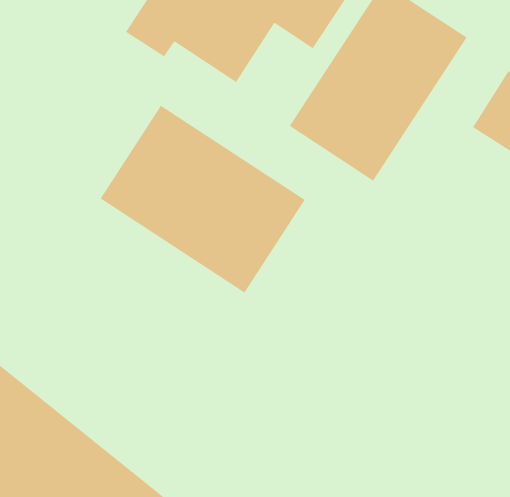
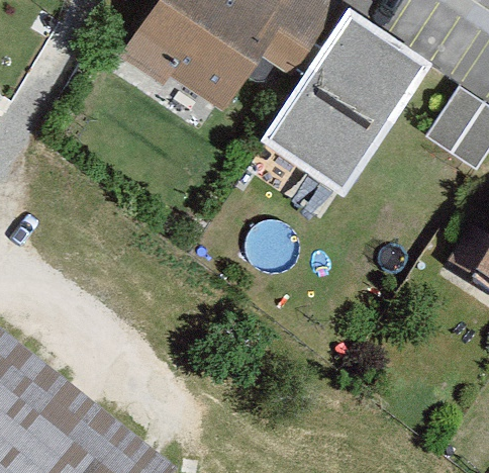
building: [100,105,305,293] -> none

